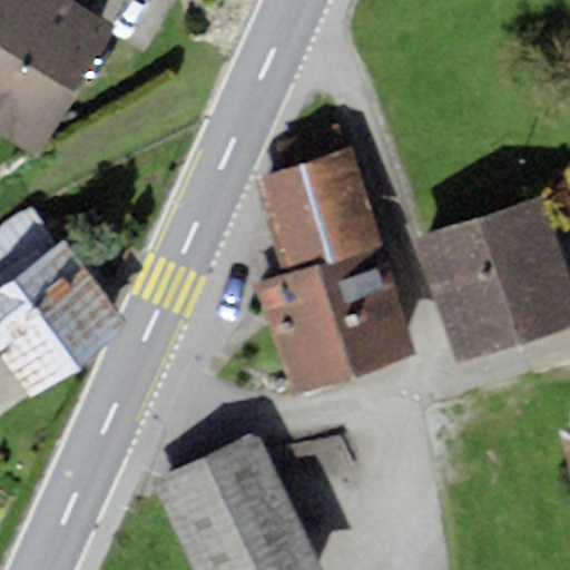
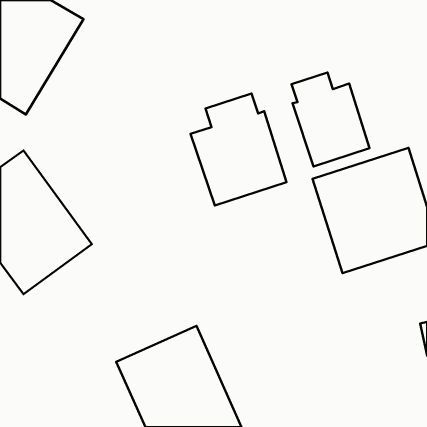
building: none -> [292,73,369,167]
building: [257,246,421,397] -> none

